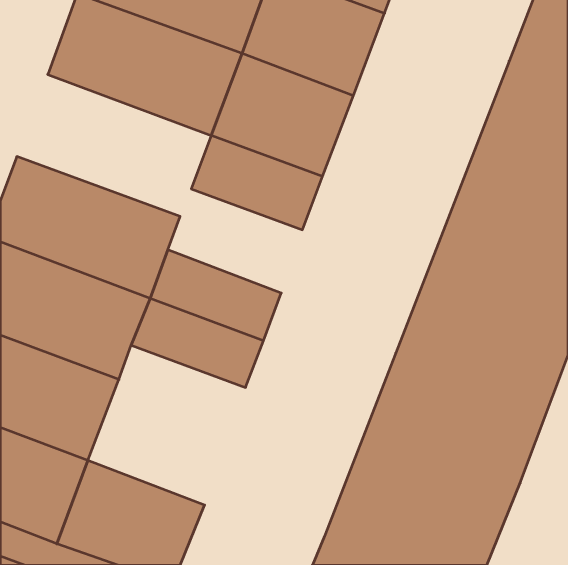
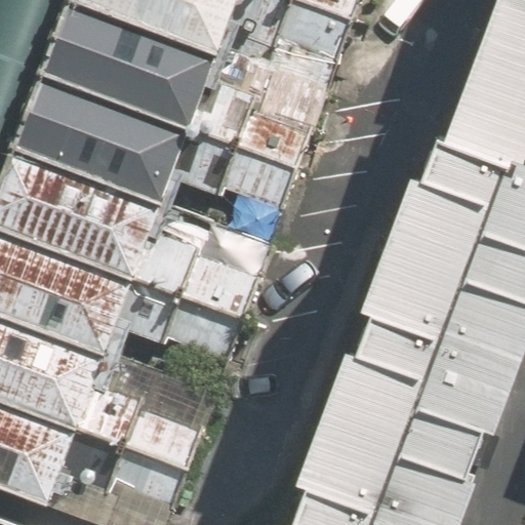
building: none -> [15,69,195,200]
building: none -> [81,351,217,467]

